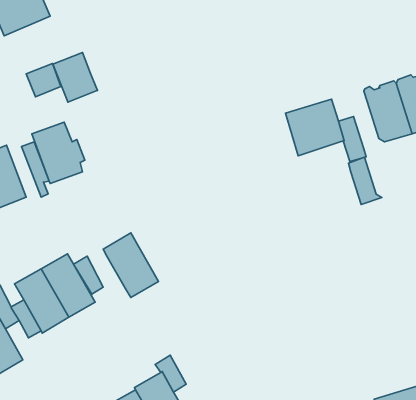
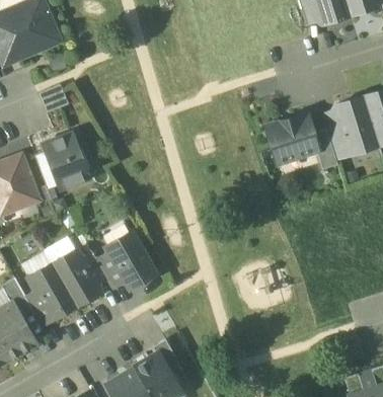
building: [53,53,98,102] -> none
building: [348,157,382,205] -> [324,115,354,157]
building: none -> [96,251,126,288]

